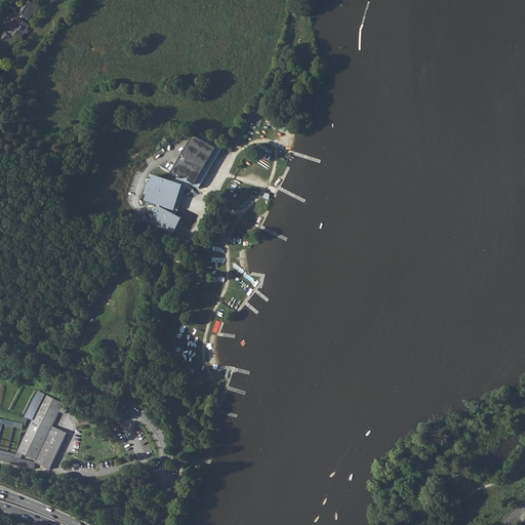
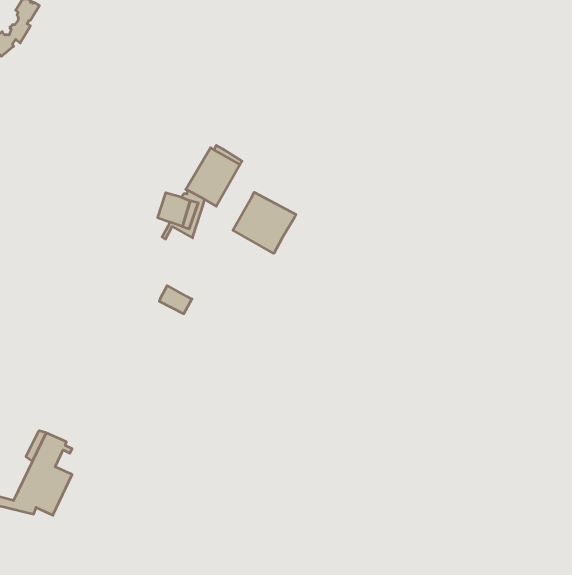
building: none -> [233,192,296,253]
building: [150,206,179,232] -> [159,286,192,314]

